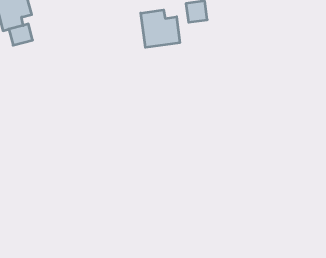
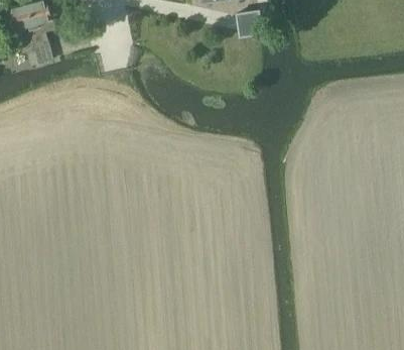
building: [141,10,180,47] -> none

